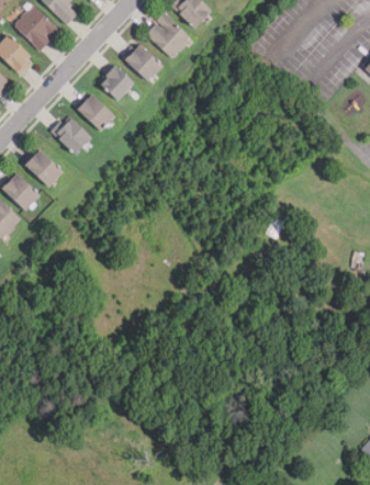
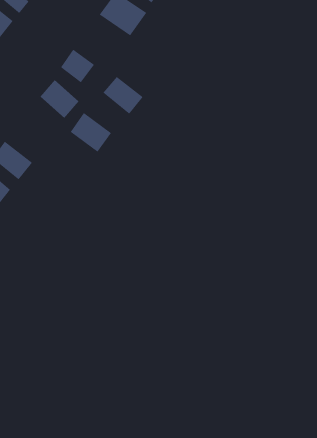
building: [123,43,162,81] -> [102,76,144,114]
building: [52,114,92,155] -> [70,112,112,153]

